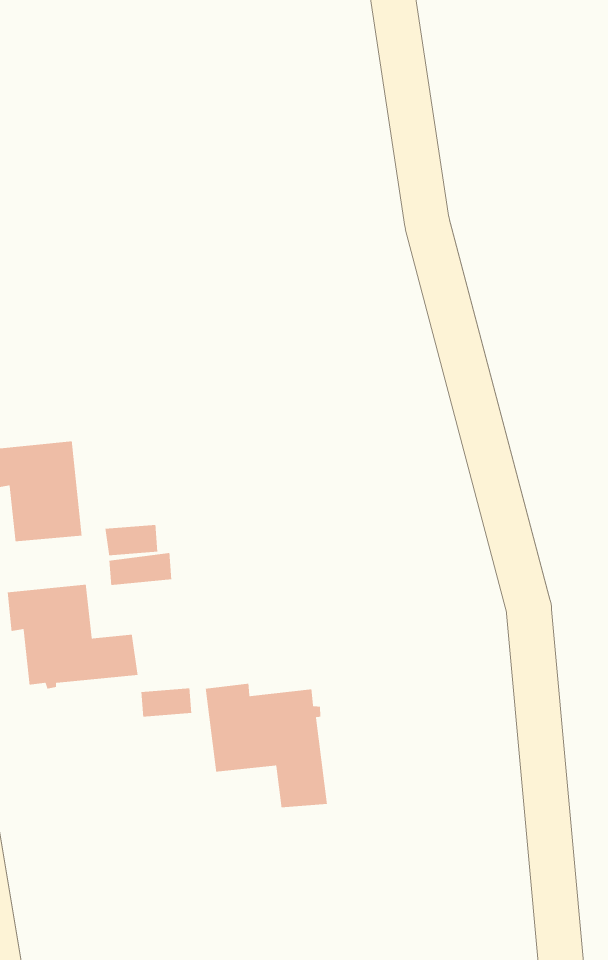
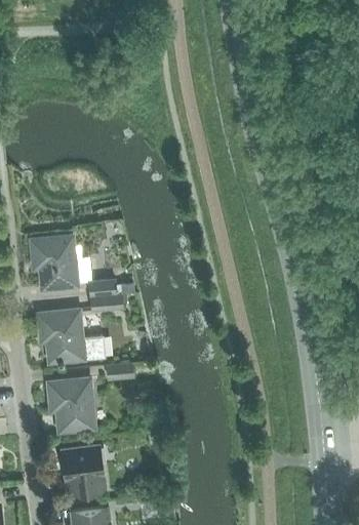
building: [205,683,328,808] -> none
building: none -> [48,378,94,431]
building: none -> [62,446,106,493]

